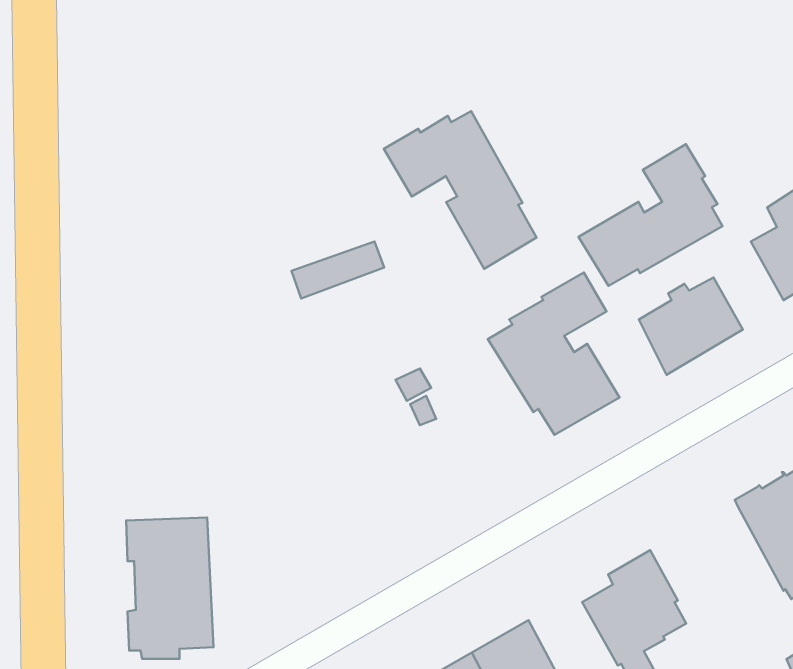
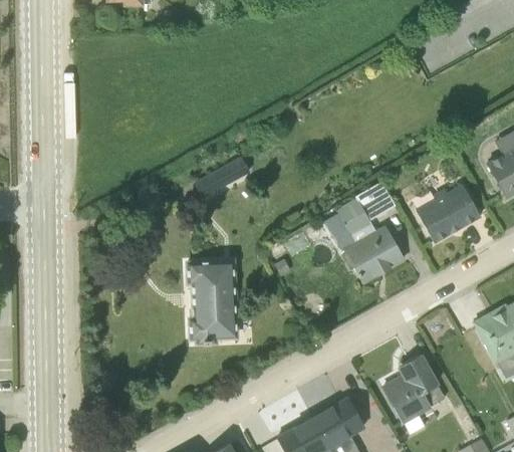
building: [384,111,536,269] -> none
building: [579,144,723,286] -> none
building: [126,517,214,659] -> [185,259,239,347]

